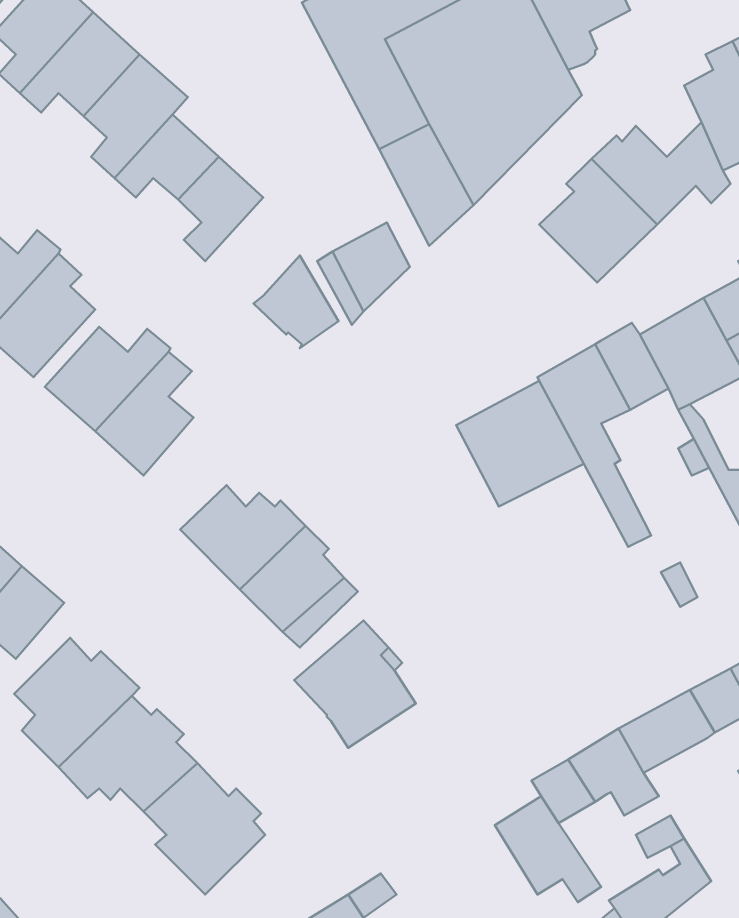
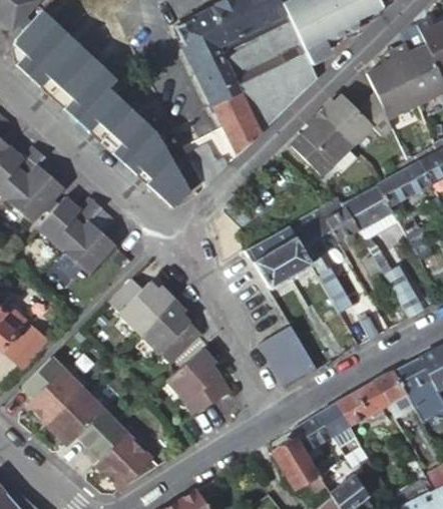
building: none -> [121,129,170,180]
building: none -> [260,325,317,389]

